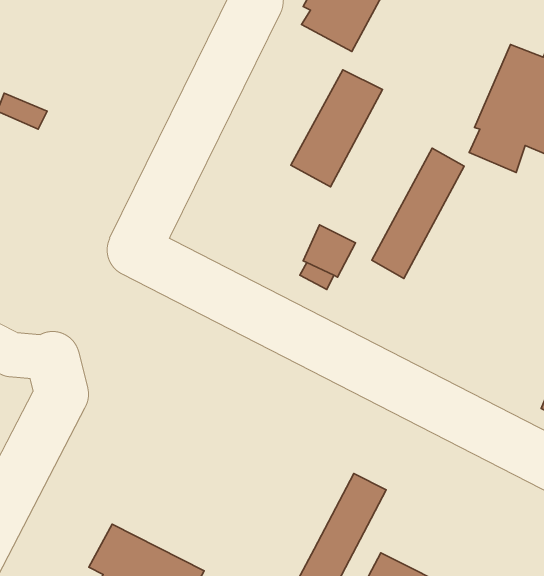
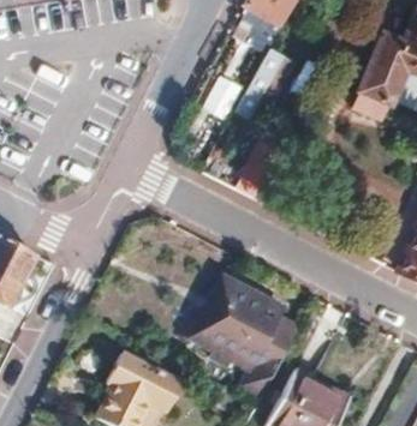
building: [372,148,464,278] -> none
building: none -> [197,276,282,367]

